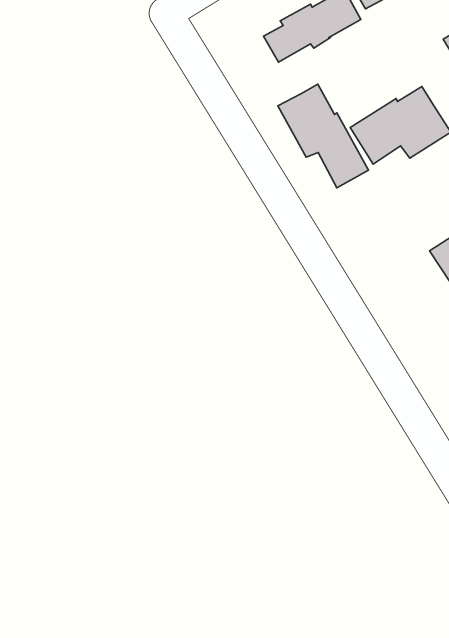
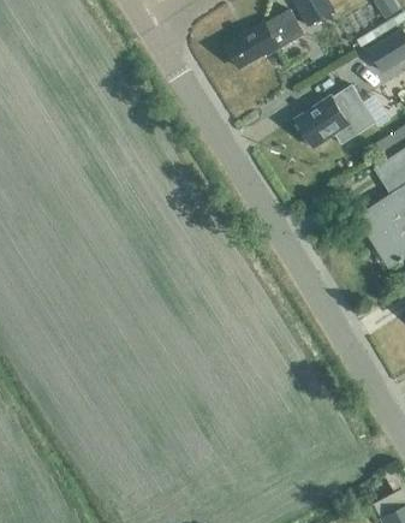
building: [278,84,368,188] -> none

